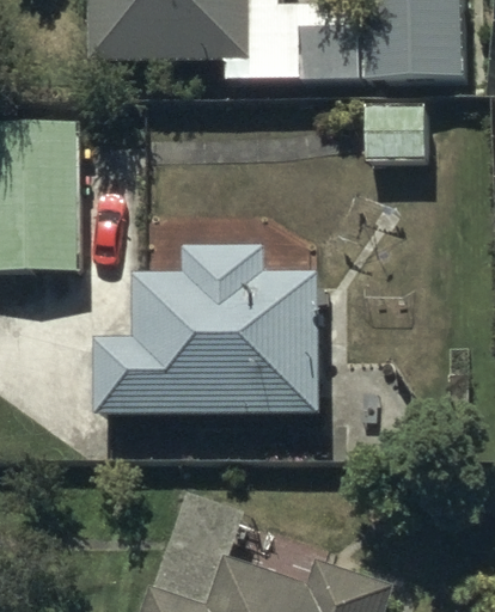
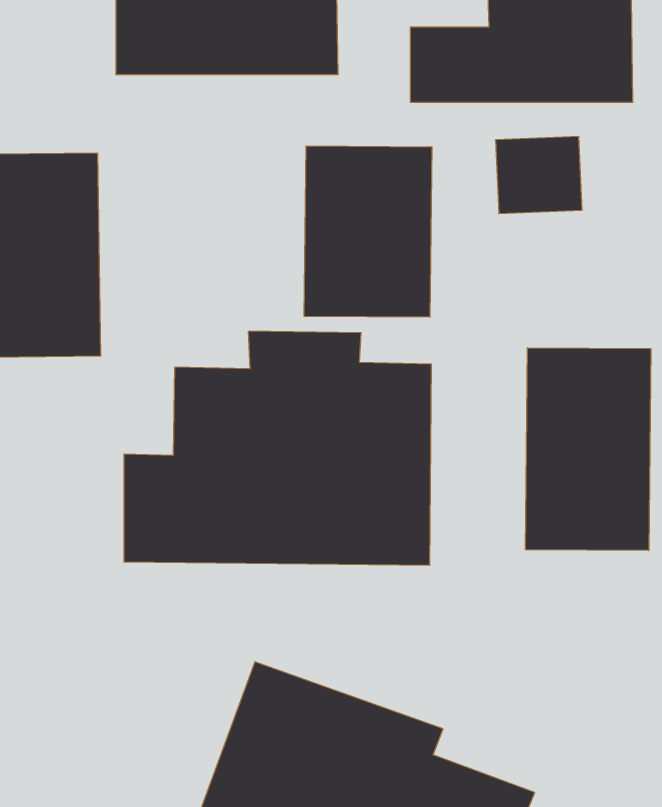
building: none -> [304,146,432,317]
building: none -> [525,348,651,551]

